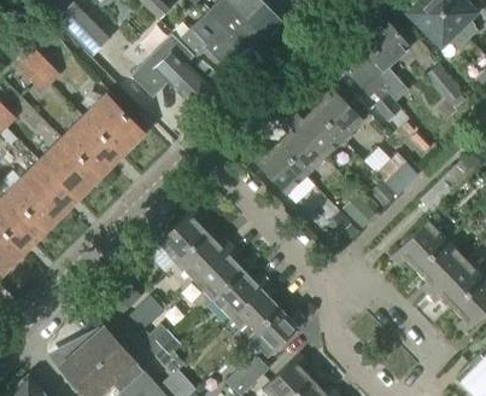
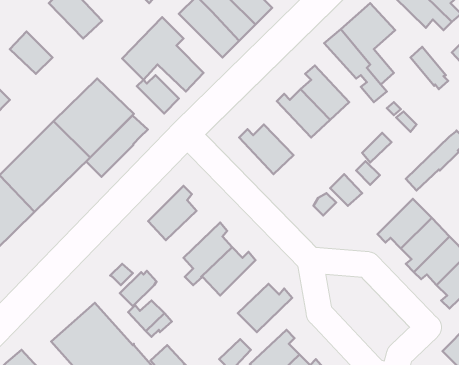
building: none -> [137,75,179,113]
building: [276,120,324,175] -> none
building: none -> [86,115,148,177]
building: [176,232,232,280] -> none
building: [232,283,281,345] -> none

